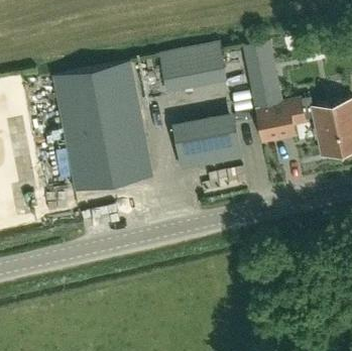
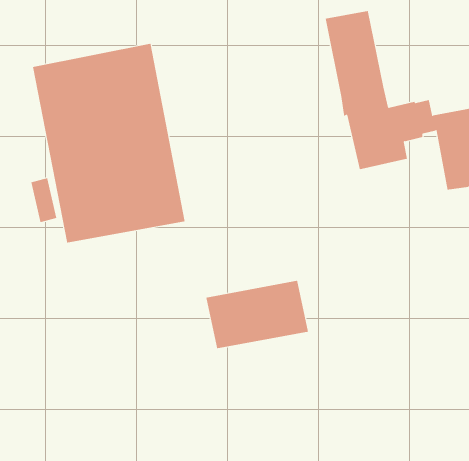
building: [159,43,228,94] -> none
building: [175,124,242,168] -> [206,280,309,349]

